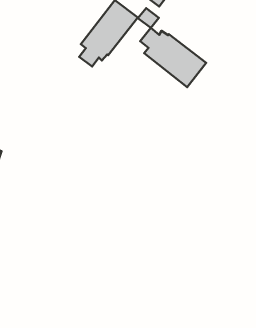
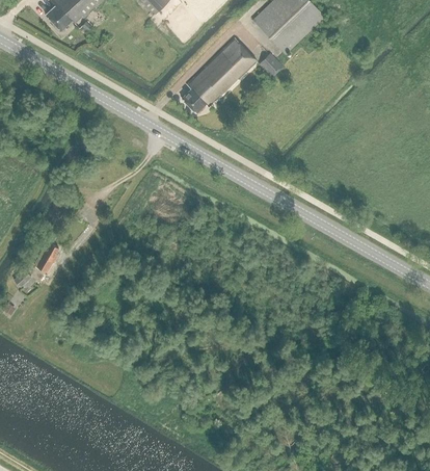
building: [140,28,206,87] -> none

